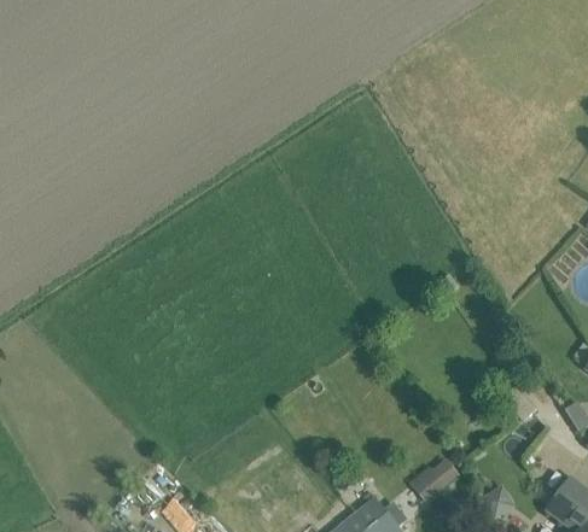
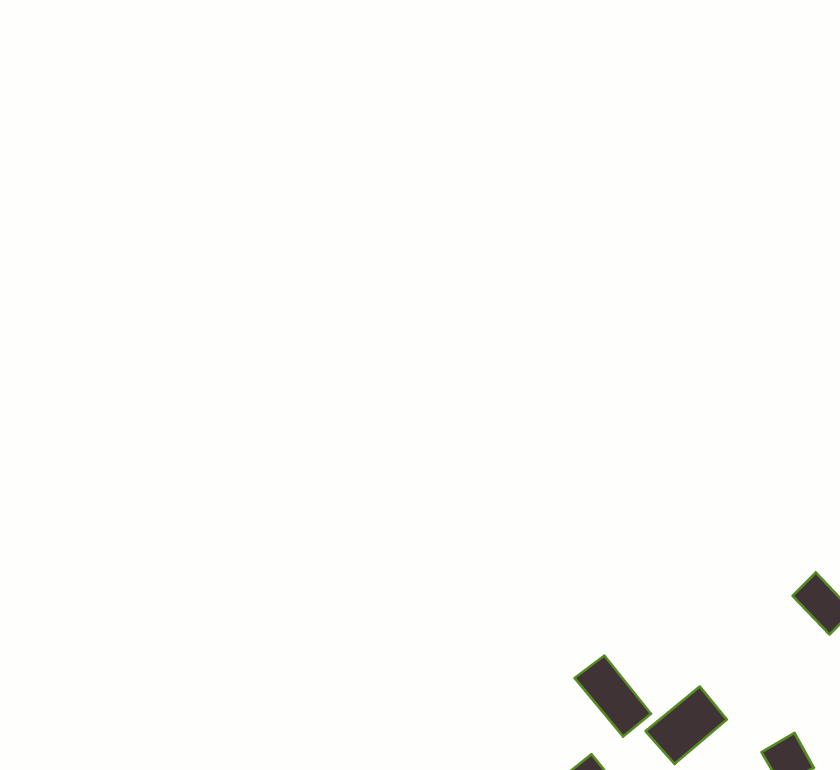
building: none -> [575,656,651,737]

